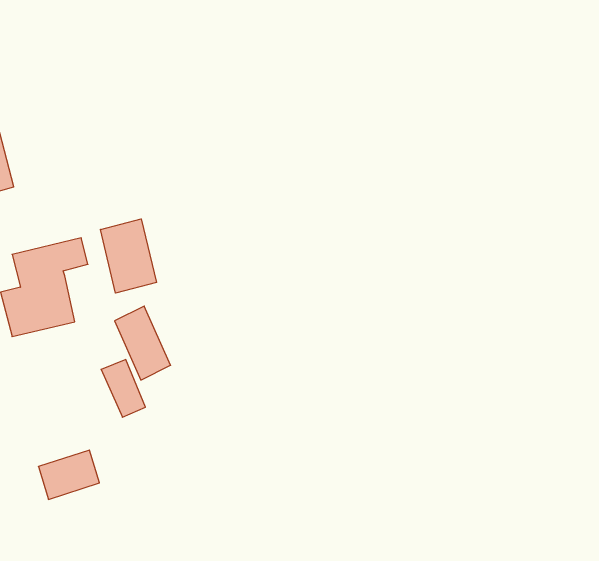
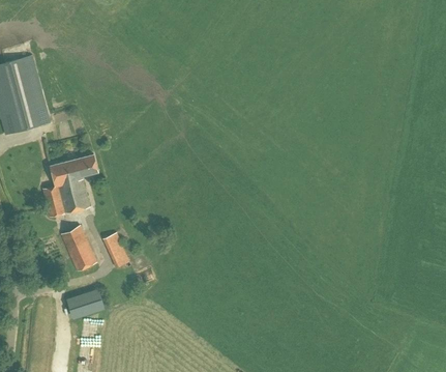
building: [100,219,156,293] -> none
building: [115,306,171,380] -> [61,225,96,271]

